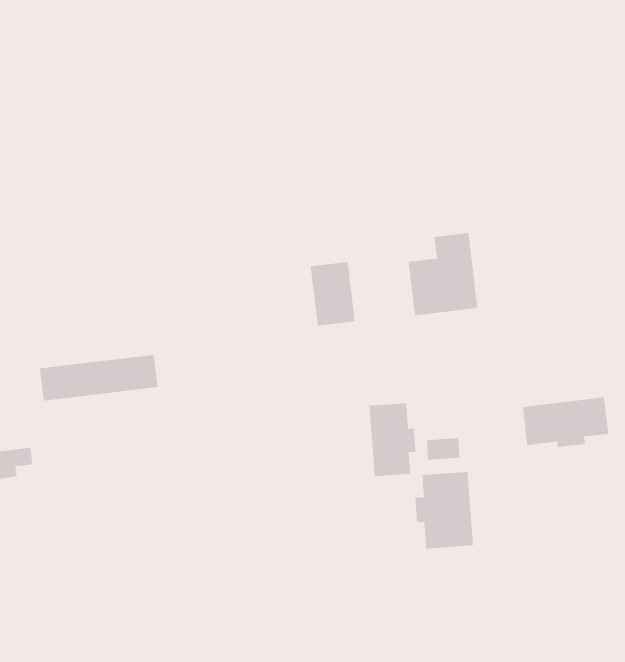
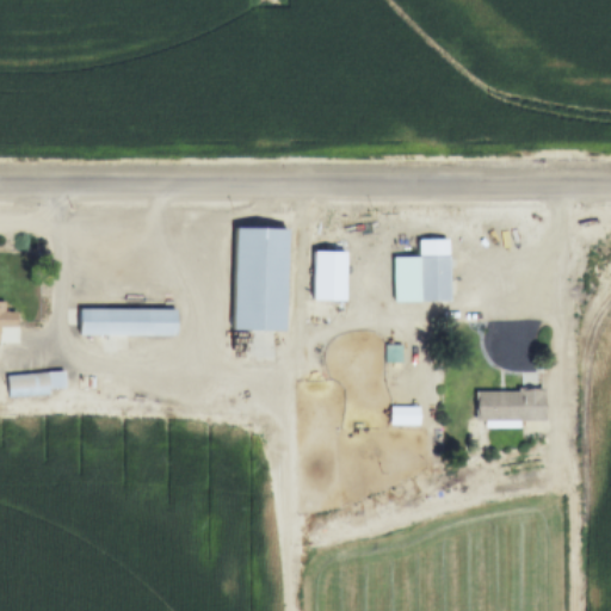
building: none -> [234,227,289,331]
building: [369,402,416,477] -> none
building: [415,471,474,549] -> none

